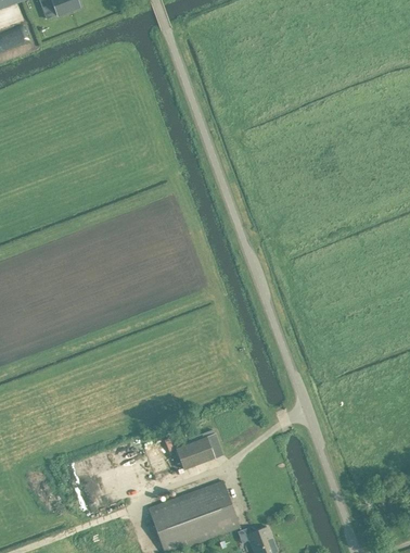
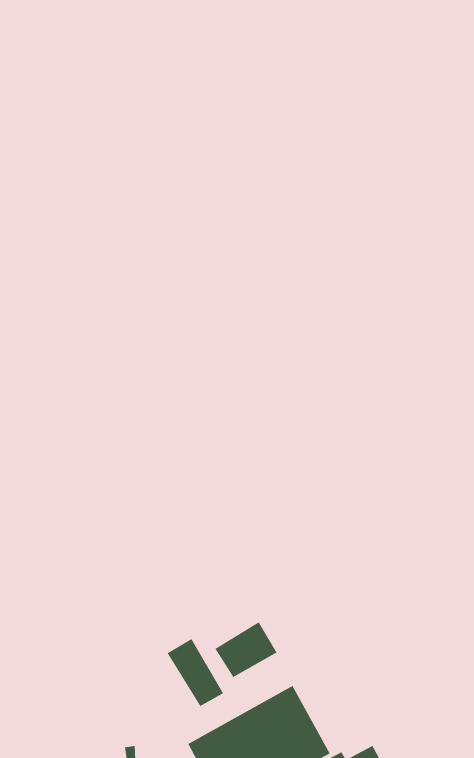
building: none -> [167,638,224,707]

